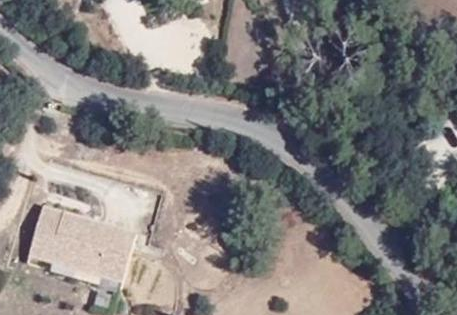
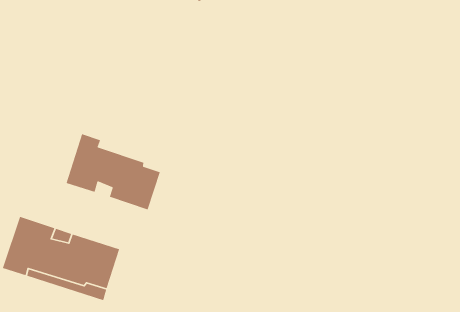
building: none -> [65,133,161,210]

